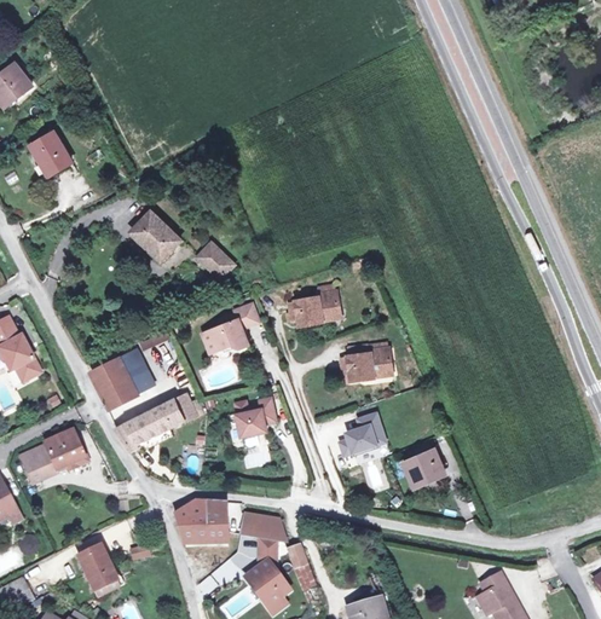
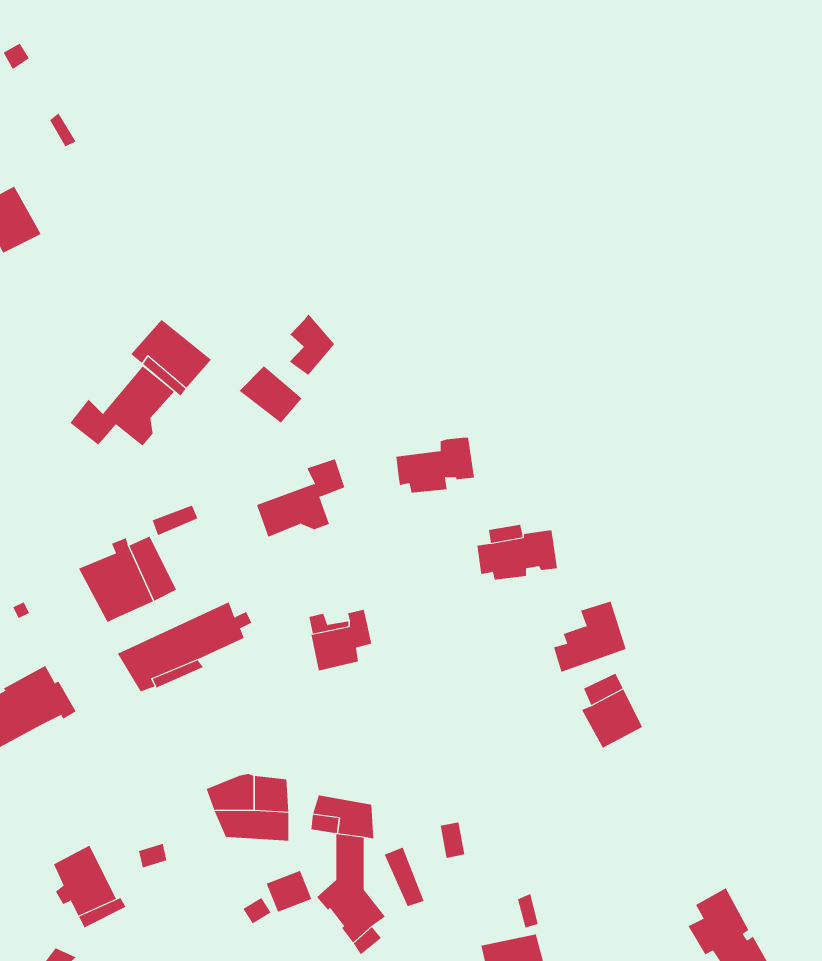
building: none -> [289,314,335,376]
building: none -> [70,366,175,447]
building: [339,412,385,457] -> [553,601,627,672]

